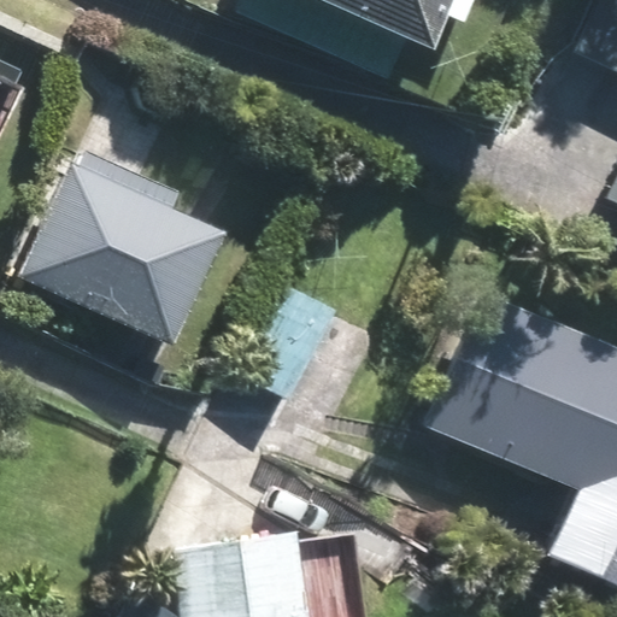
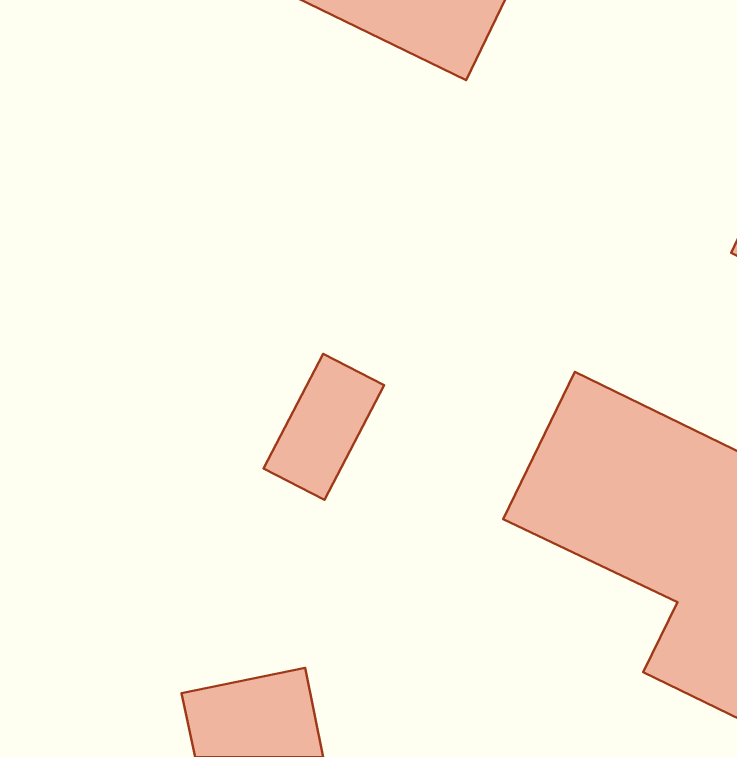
building: [24,169,212,342] -> none

